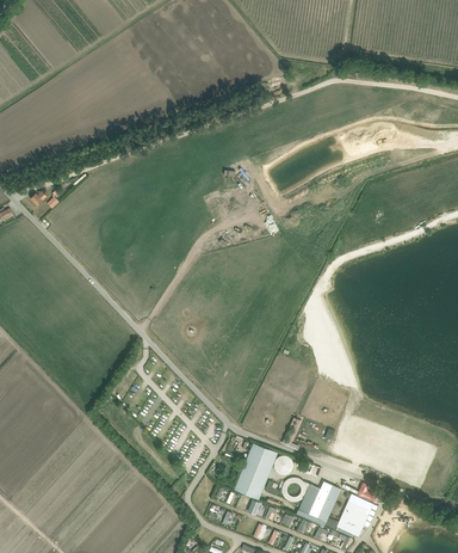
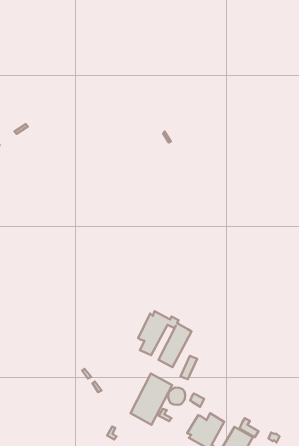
building: none -> [138,311,191,367]

